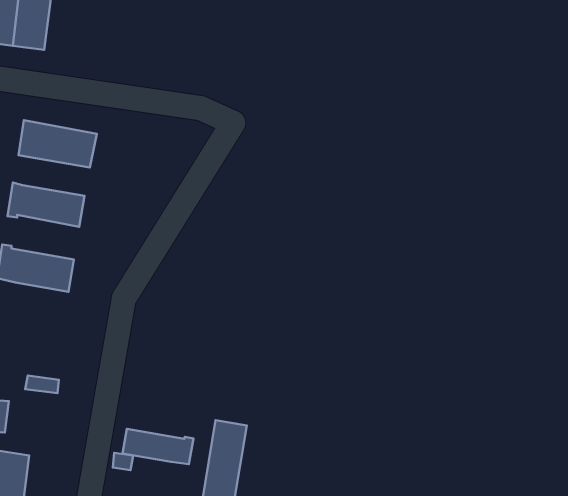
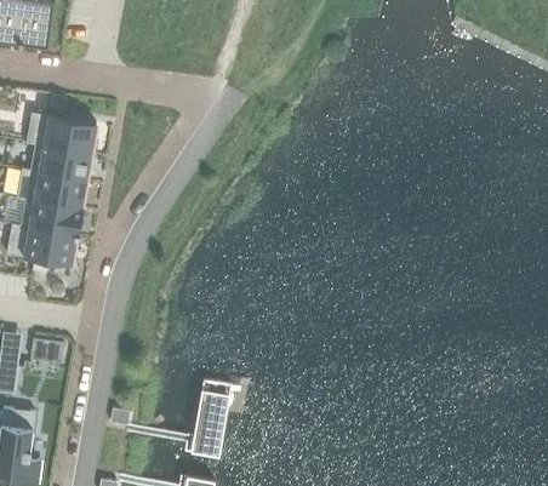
building: none -> [29,143,90,178]
building: none -> [19,195,84,236]
building: [122,429,194,464] -> none

